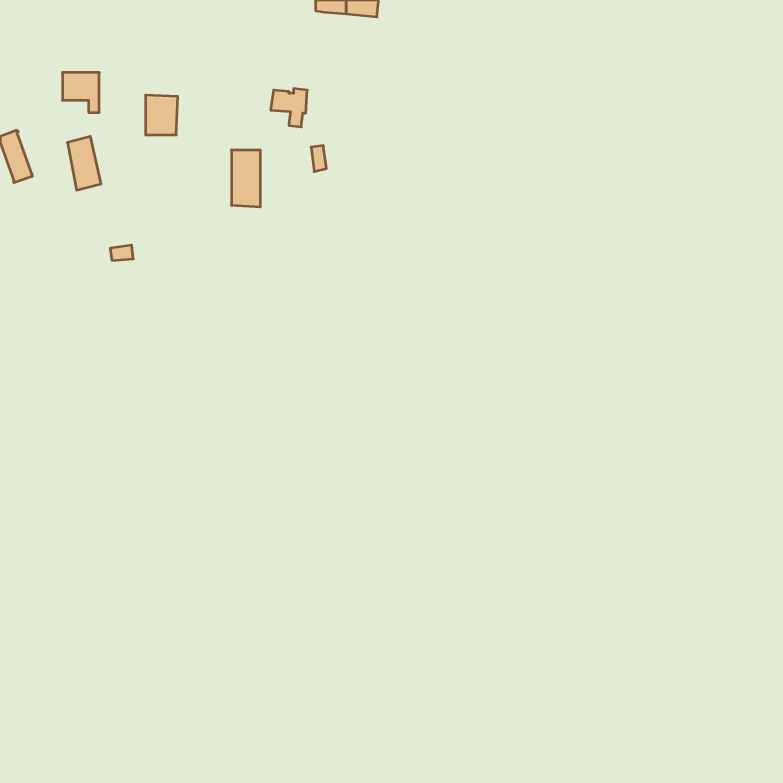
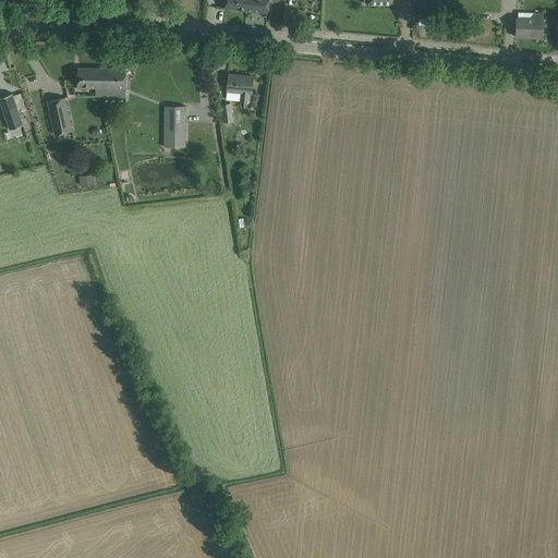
building: none -> [517,12,543,37]
building: [62,73,99,112] -> [77,68,104,96]
building: [271,89,307,127] -> [227,75,253,102]

